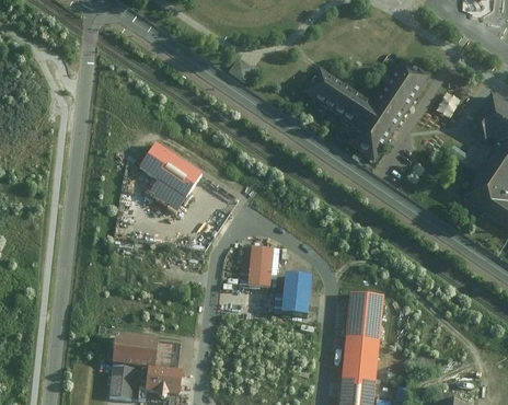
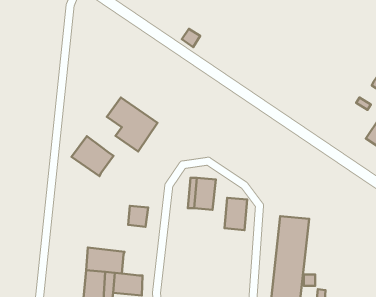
building: [302,56,431,158] -> none
building: none -> [72,136,114,176]
building: [154,340,180,367] -> [128,206,148,227]

